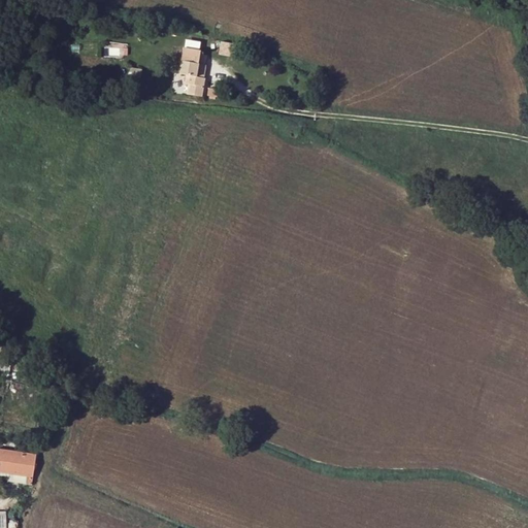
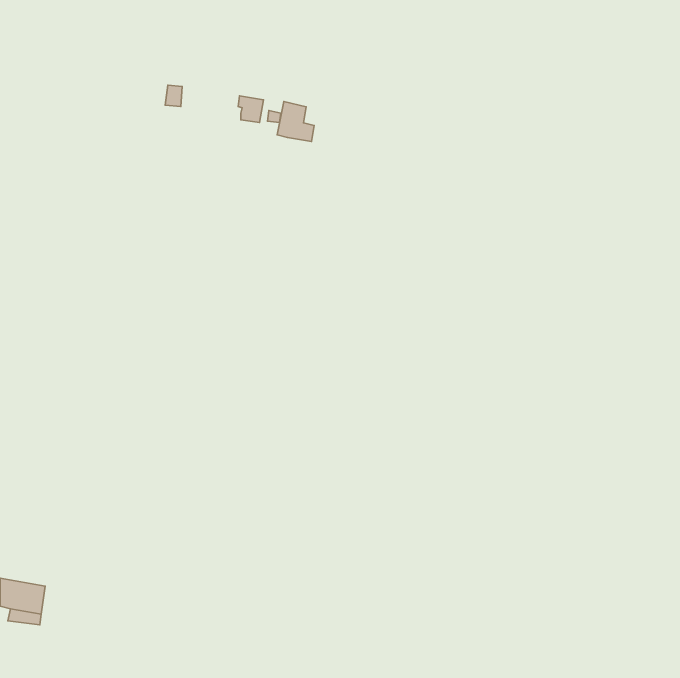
building: [177,46,206,77] -> [277,101,314,141]

